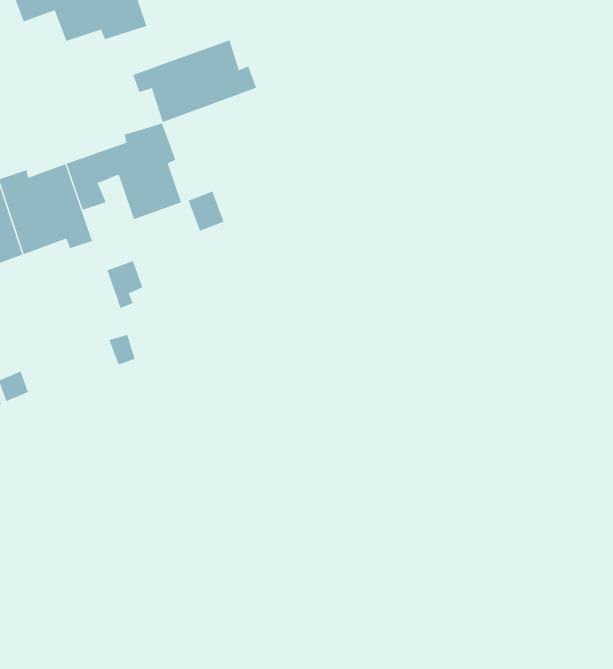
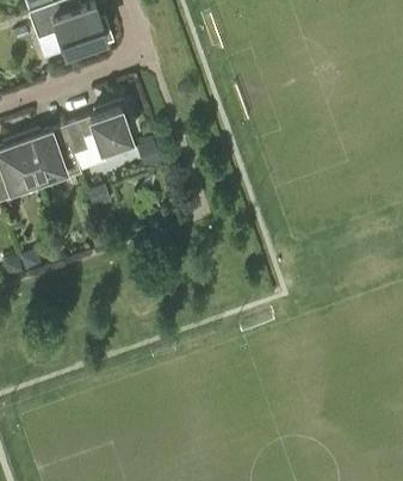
building: [132,40,257,123] -> none

